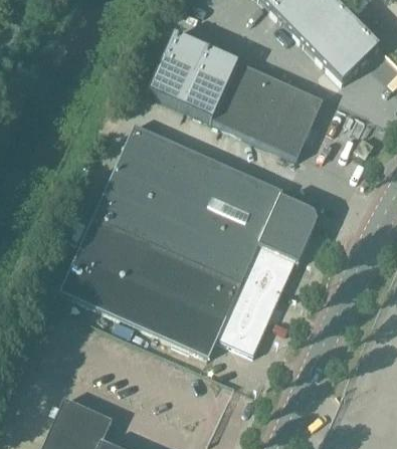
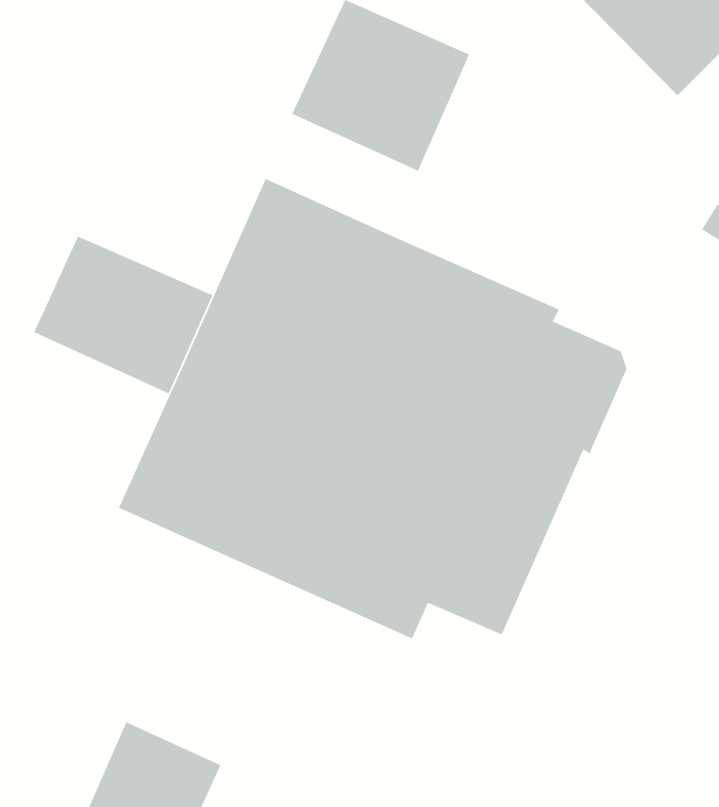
building: [213,62,324,158] -> none
building: none -> [33,235,213,394]

